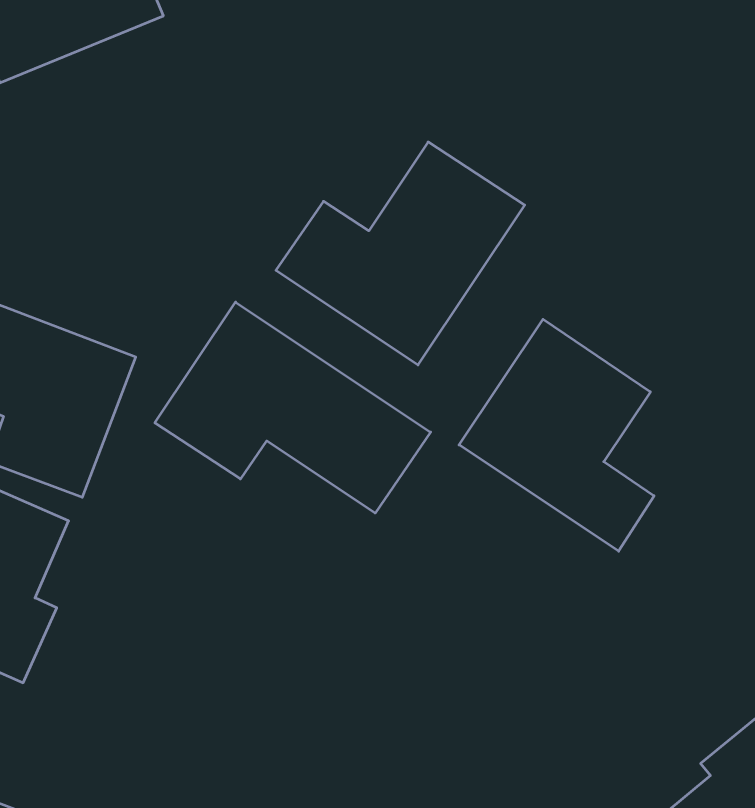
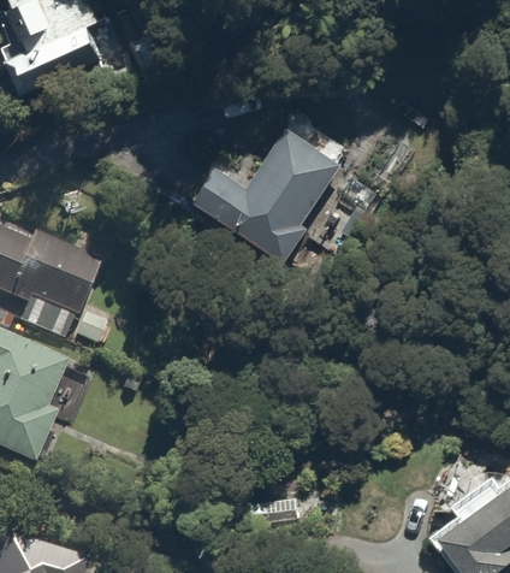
building: [155,302,431,513] -> none
building: [459,319,654,551] -> none

